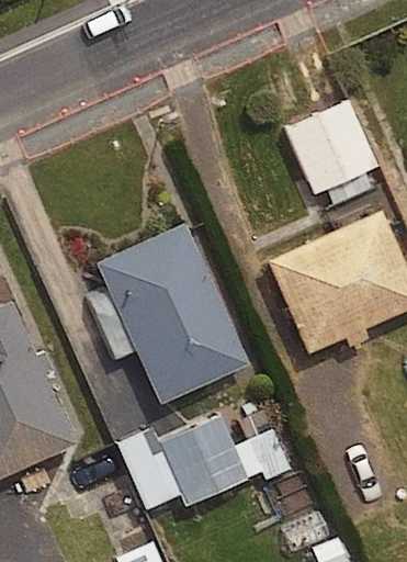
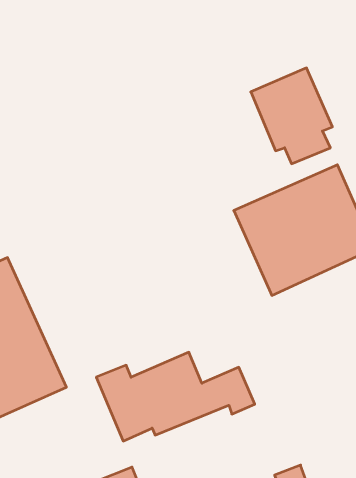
building: [97,223,249,403] -> none

